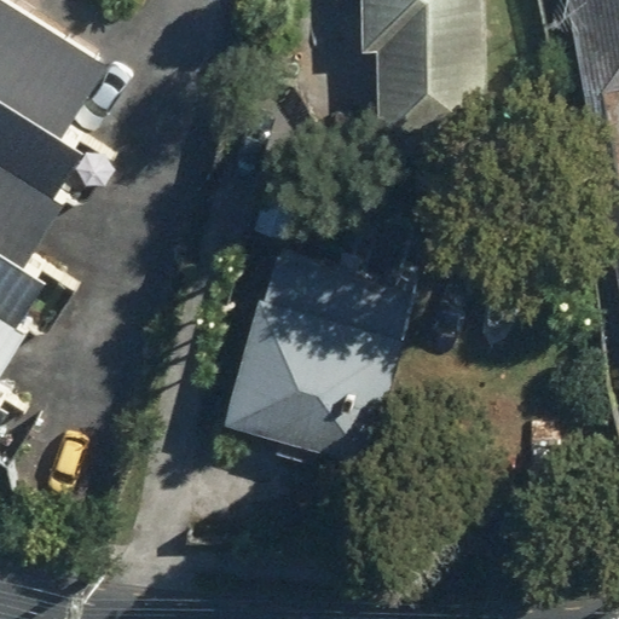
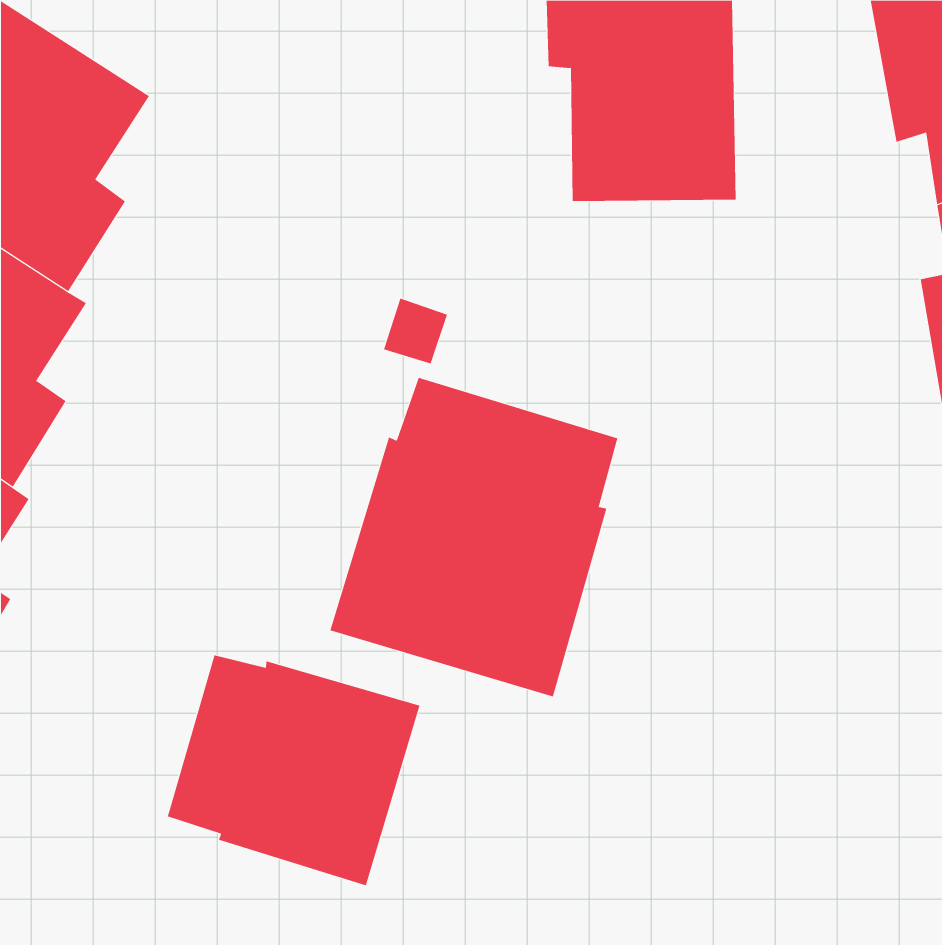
building: none -> [167,655,420,886]

